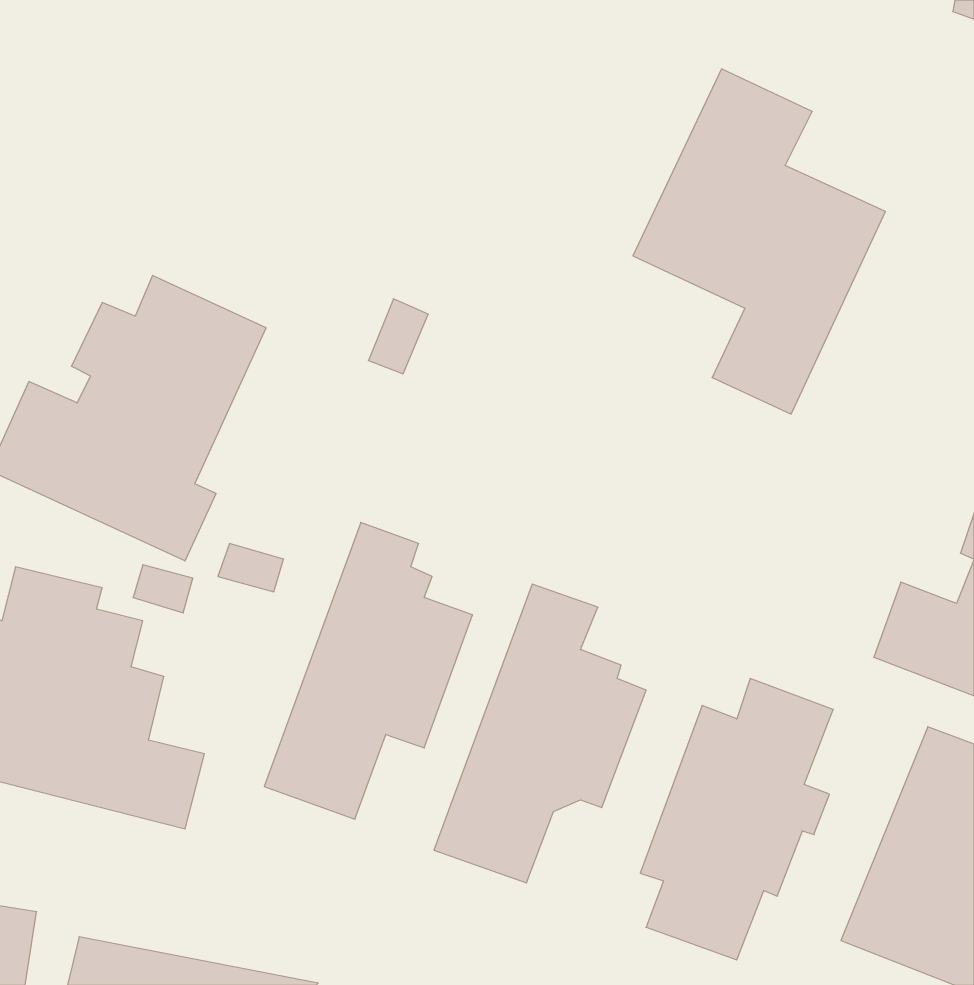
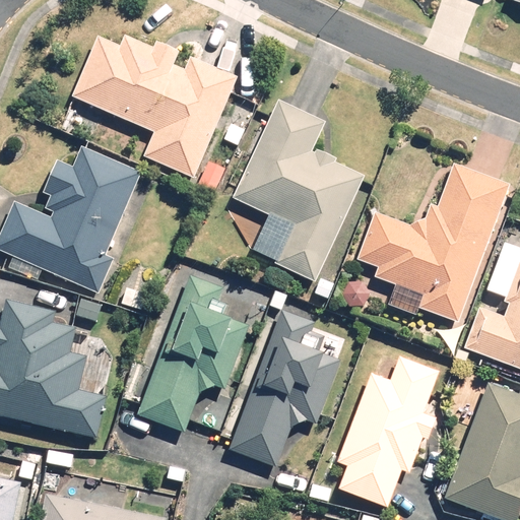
building: none -> [71,35,235,179]
building: [633,69,886,414] -> [232,100,365,281]
building: none -> [353,165,507,321]

